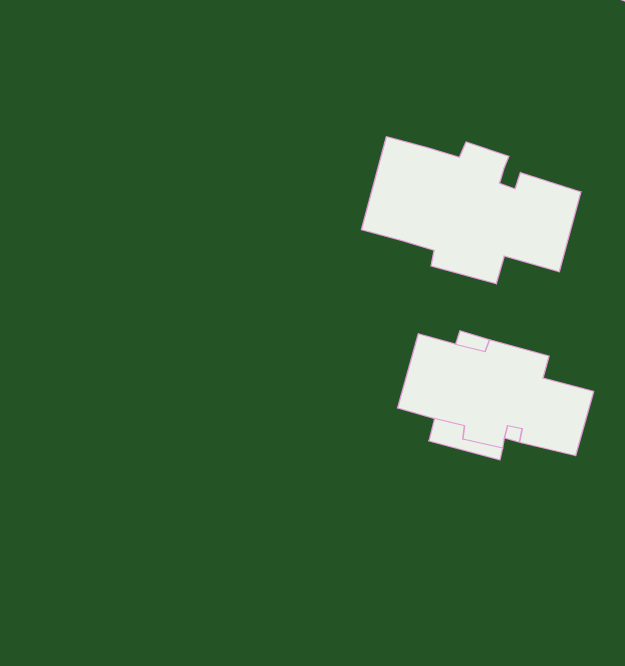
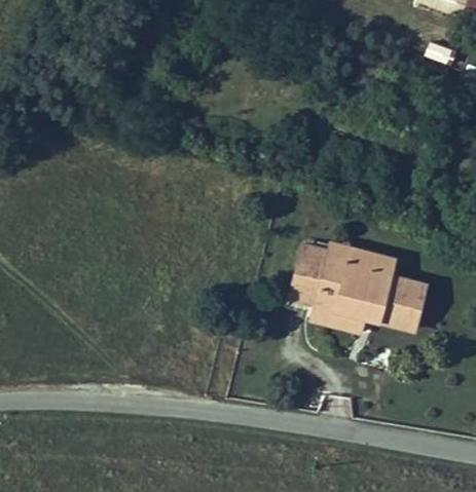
building: [361,137,581,284] -> none

